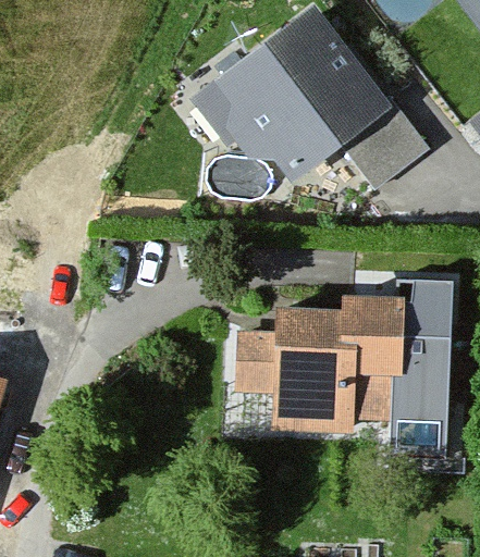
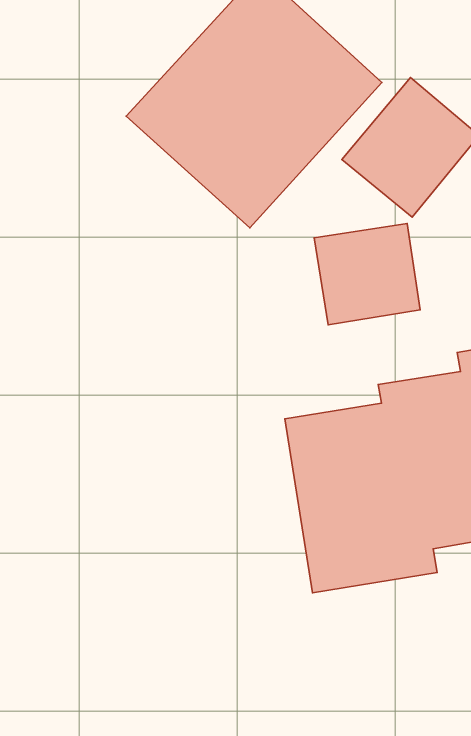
building: none -> [314,224,420,325]

